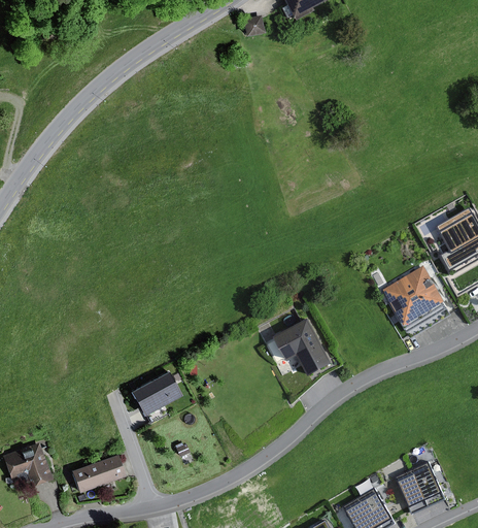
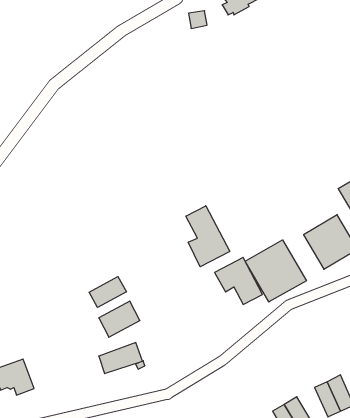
building: none -> [186,206,230,267]
building: none -> [245,240,306,302]
building: none -> [89,277,126,307]
building: [70,454,124,492] -> [99,343,142,374]

